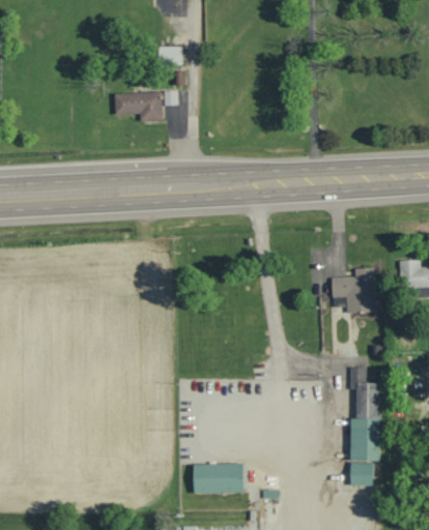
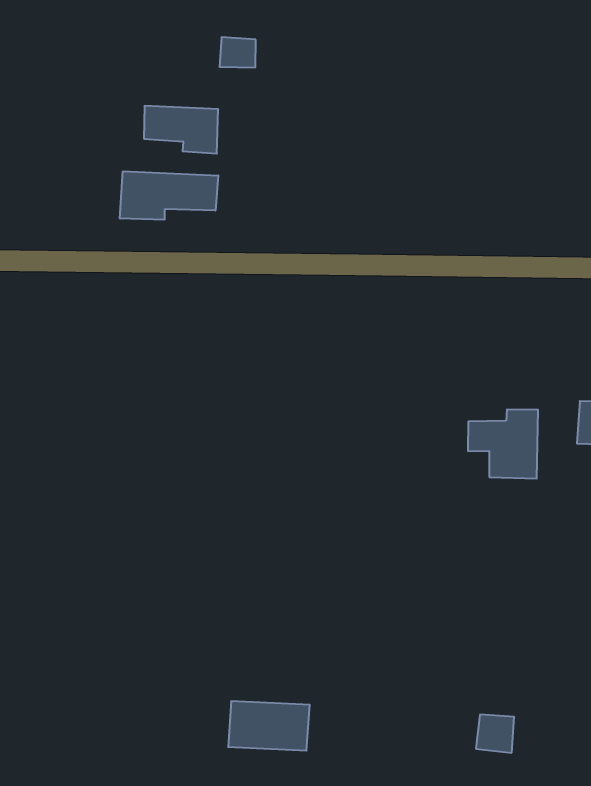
building: none -> [120,171,218,220]
building: [351,366,381,461] -> none

